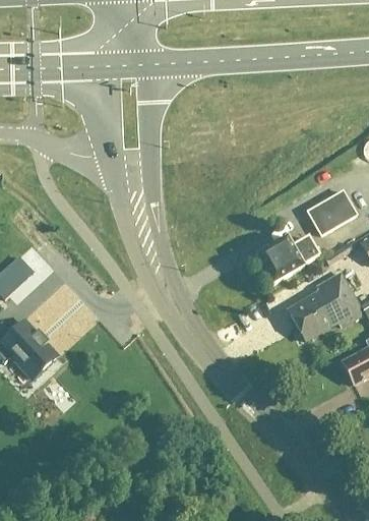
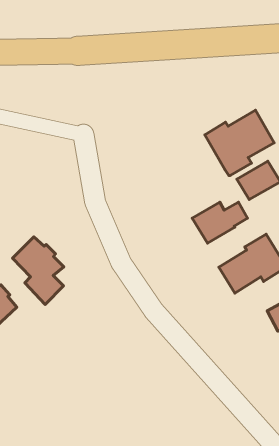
building: none -> [205,110,274,176]
building: none -> [13,237,64,304]

